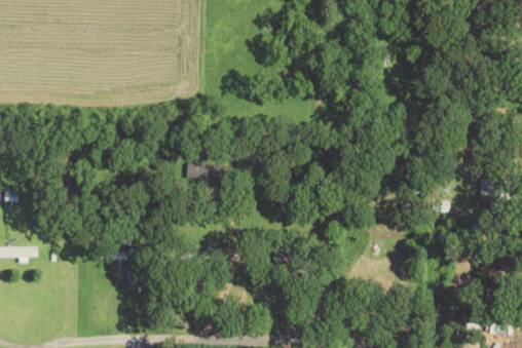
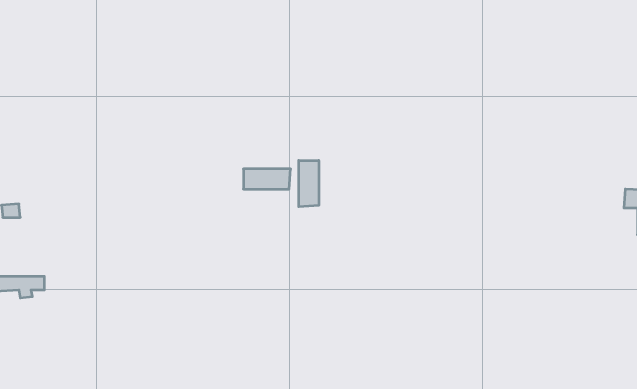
building: none -> [299,160,319,207]

